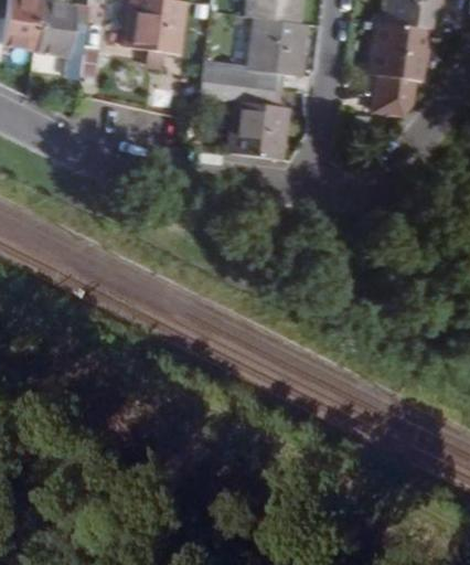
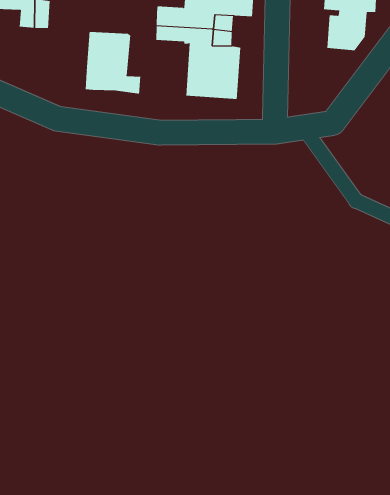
building: none -> [85,31,141,95]

